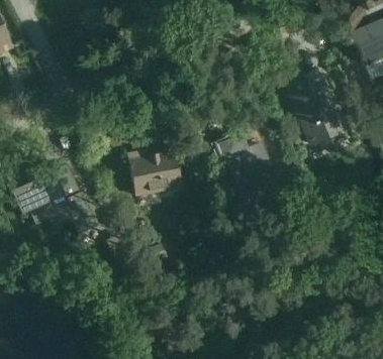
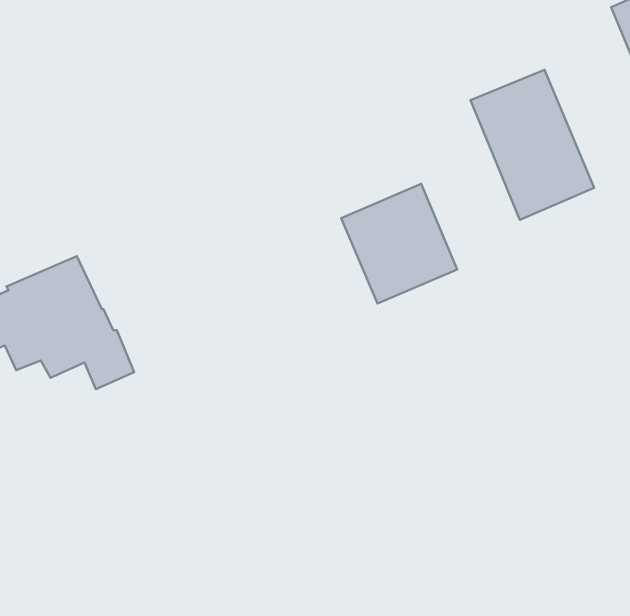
building: [120,150,176,197] -> none

